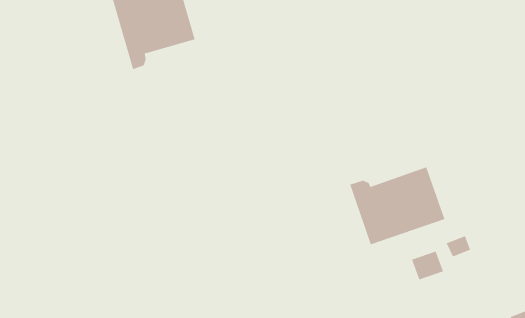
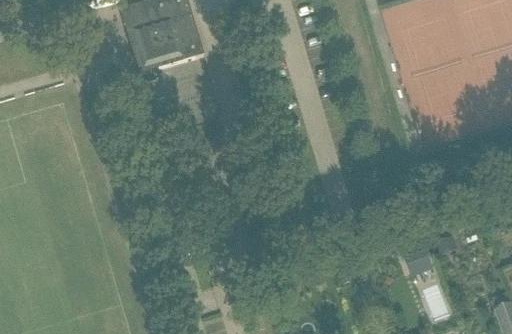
building: [349,167,445,245] -> none

